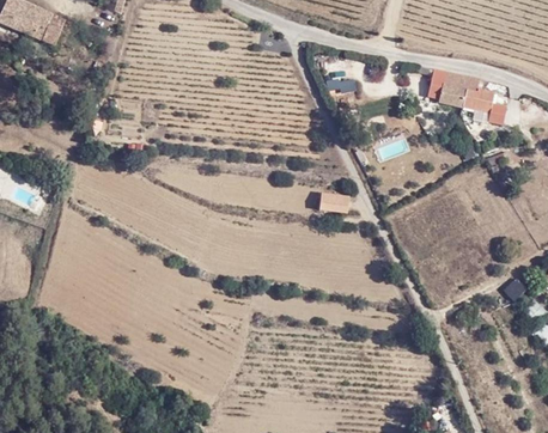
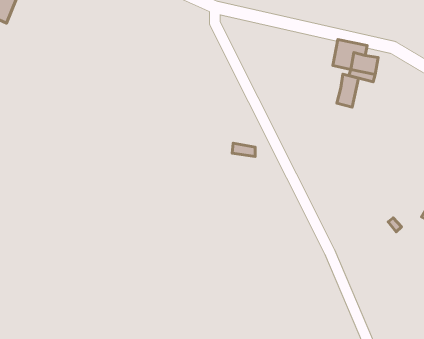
building: none -> [337,74,358,107]

